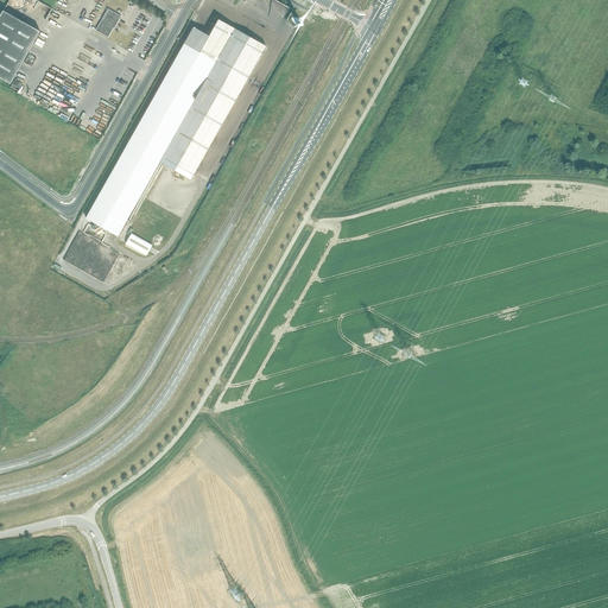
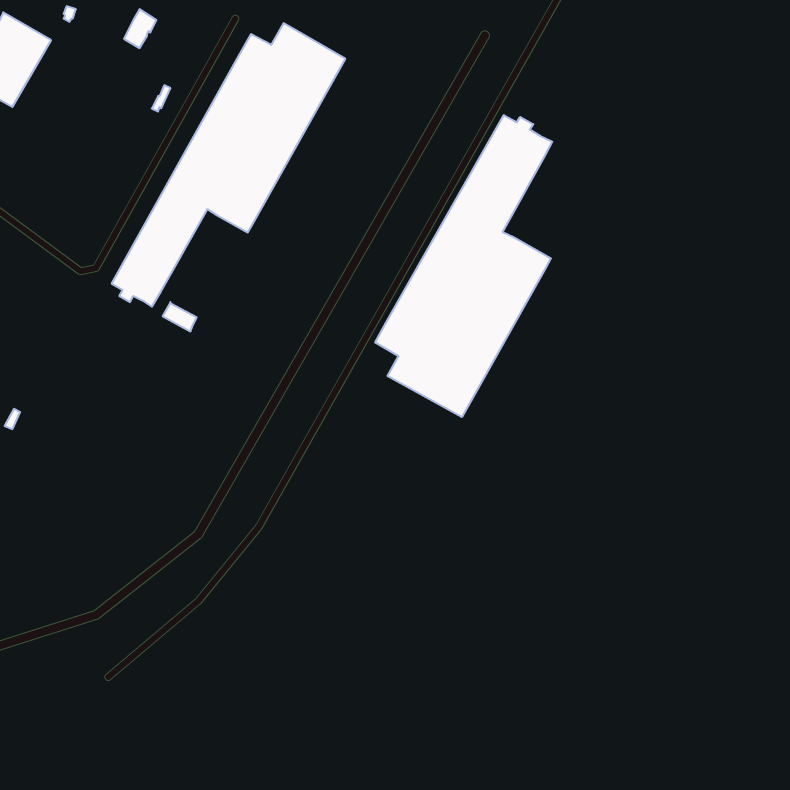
building: none -> [375,115,552,417]

